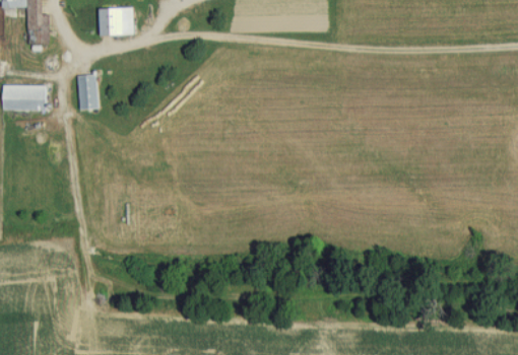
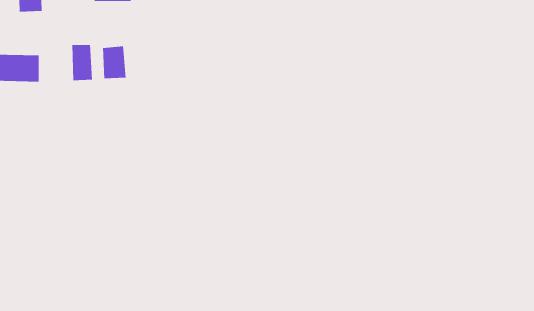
building: none -> [103,46,126,79]

